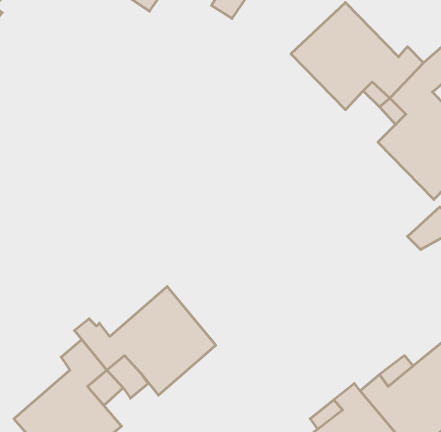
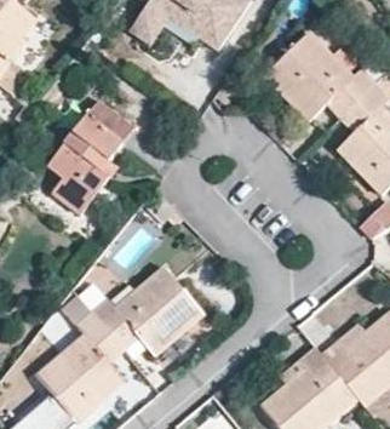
building: none -> [47,101,134,214]

